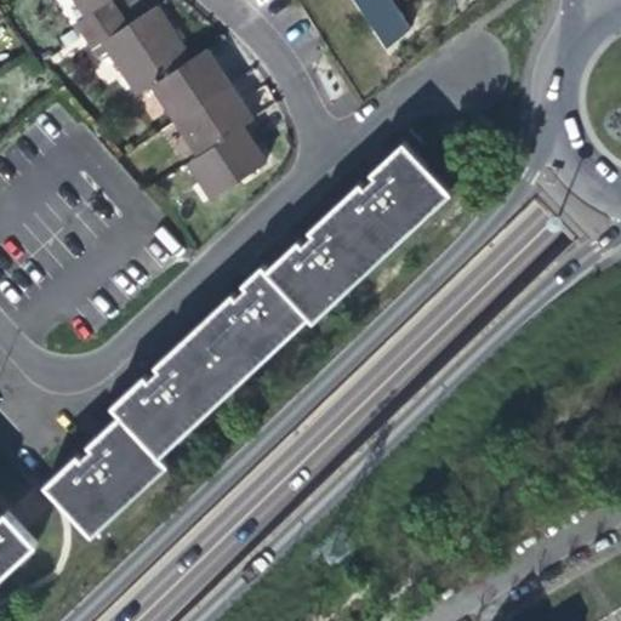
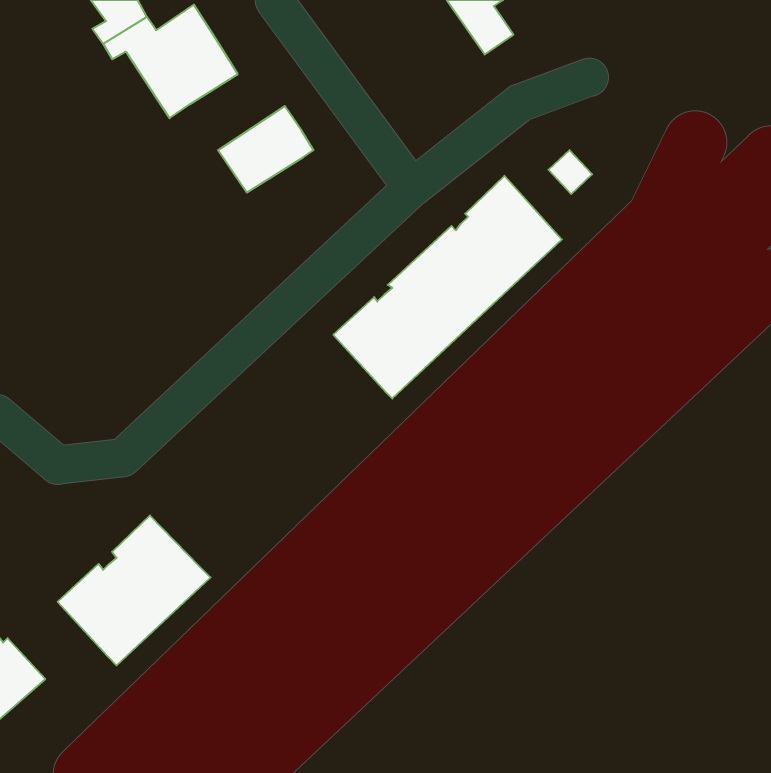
building: [152,51,228,121] -> none
building: [188,127,266,198] -> none
building: [113,264,309,455] -> none

